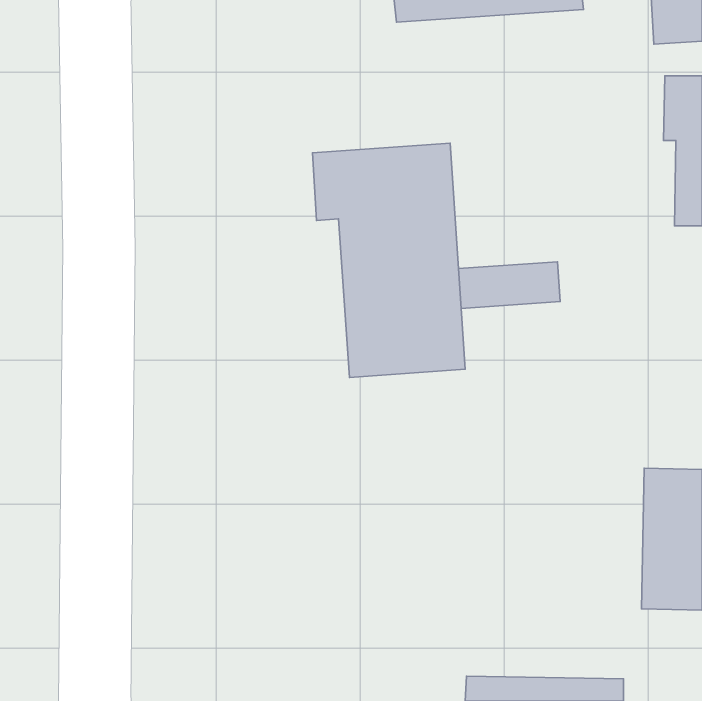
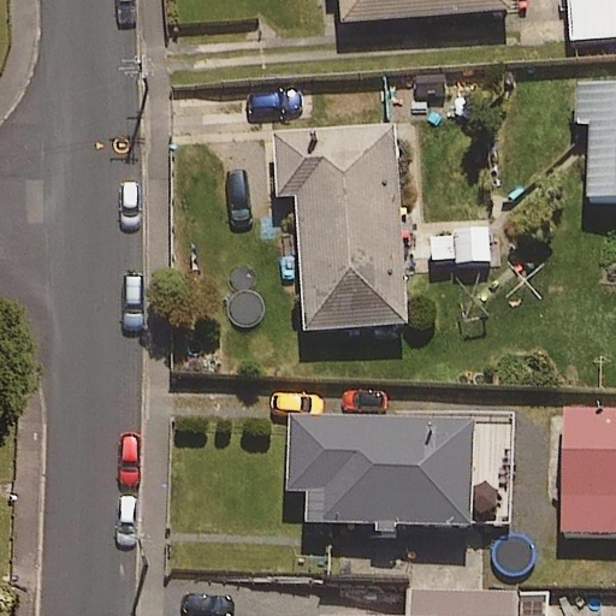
building: none -> [289,416,474,531]

